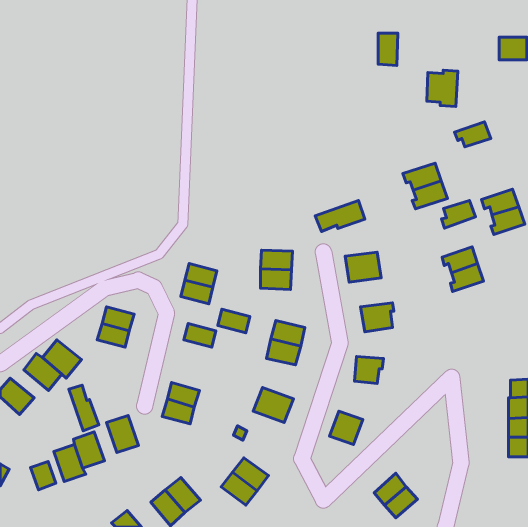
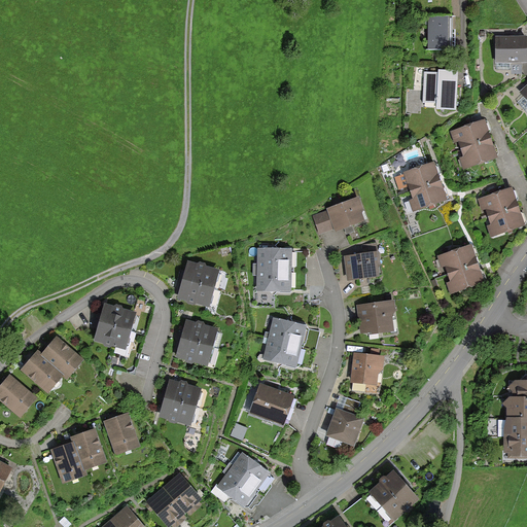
building: [378,33,398,65] -> [430,15,450,47]
building: [441,200,476,228] -> [461,138,495,166]
building: [218,309,250,333] -> [179,339,211,362]
building: [69,385,99,431] -> none
building: [31,461,56,490] -> none

